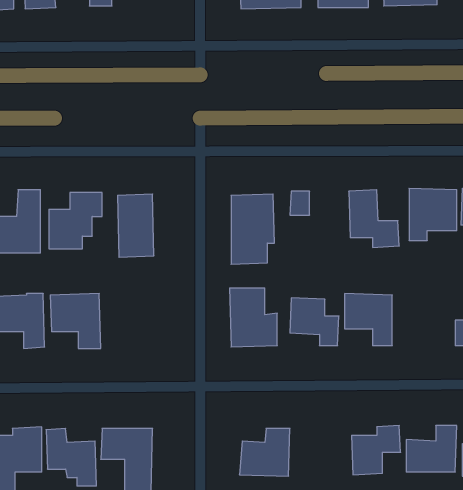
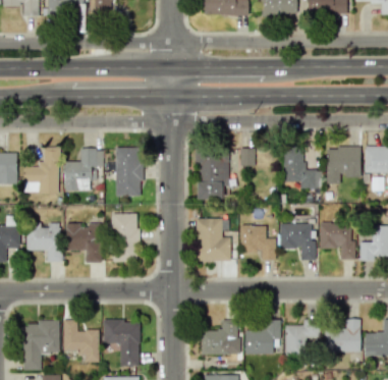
building: none -> [113,214,138,263]
building: none -> [321,223,355,260]
building: none -> [245,320,281,354]

